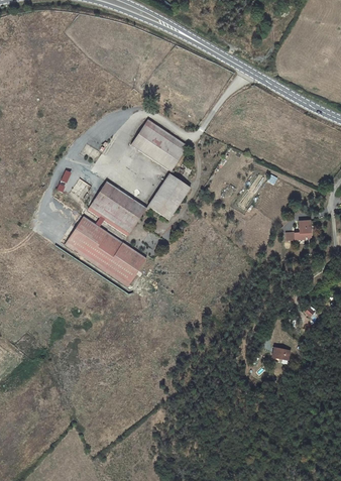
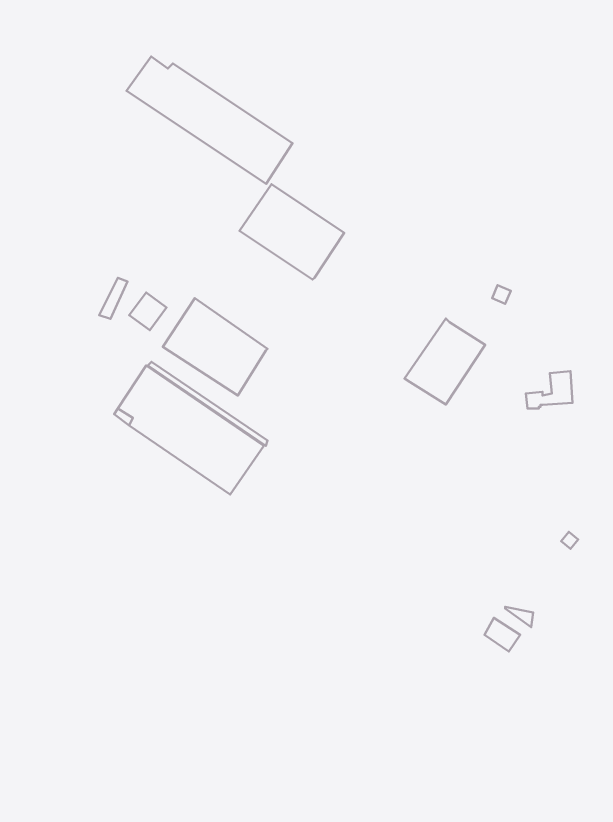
building: none -> [127,57,293,184]
building: [147,173,191,220] -> [405,319,485,405]

